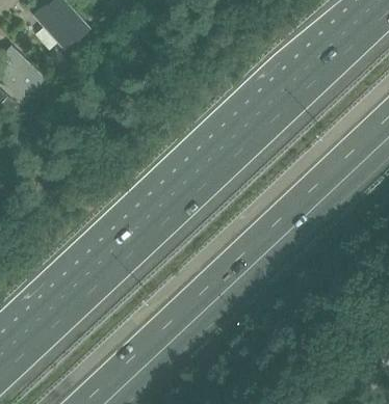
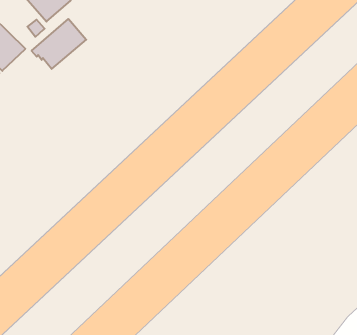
building: none -> [32,19,86,69]

